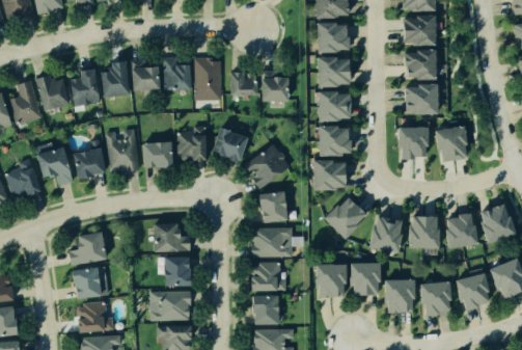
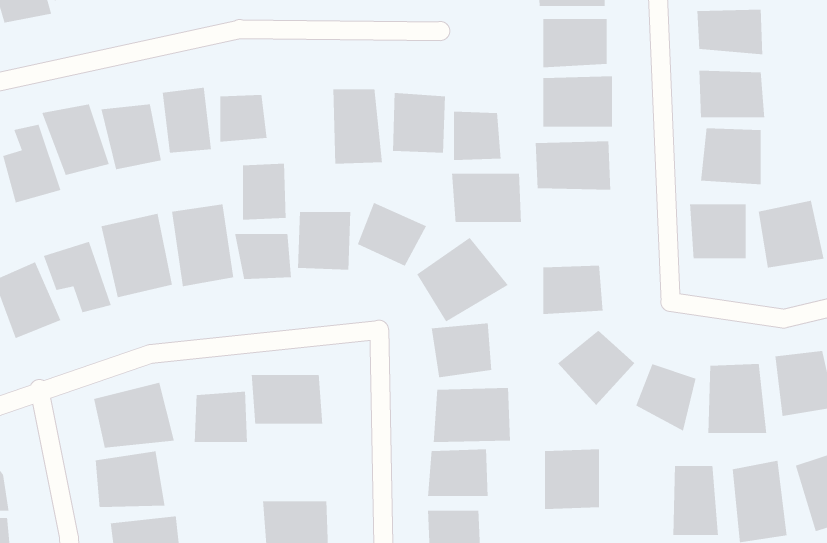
building: [165,59,190,91] -> [242,163,287,220]
building: [311,127,351,155] -> [451,173,522,223]
building: [162,257,192,286] -> [194,391,248,443]
building: [351,263,382,296] -> none

